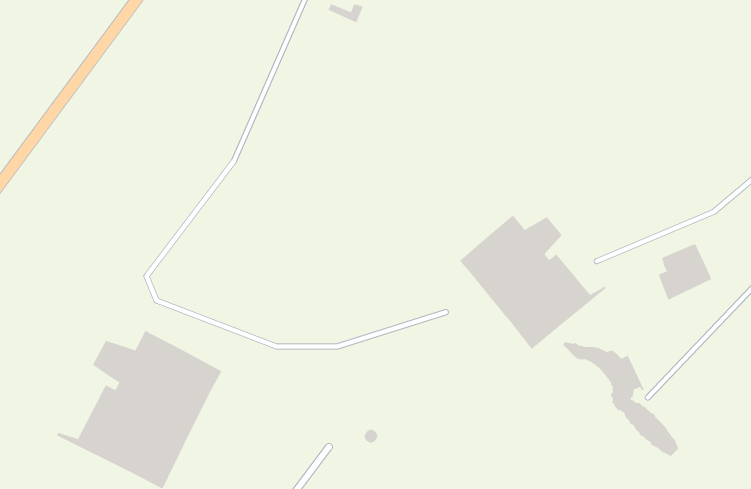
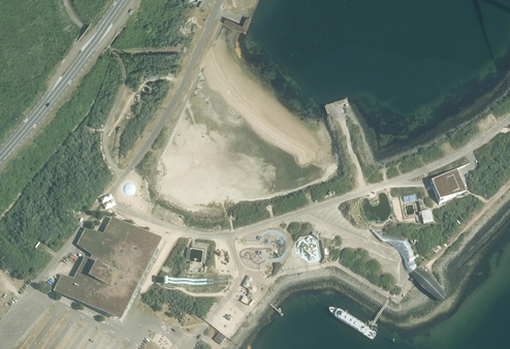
building: [459,214,607,350] -> none

